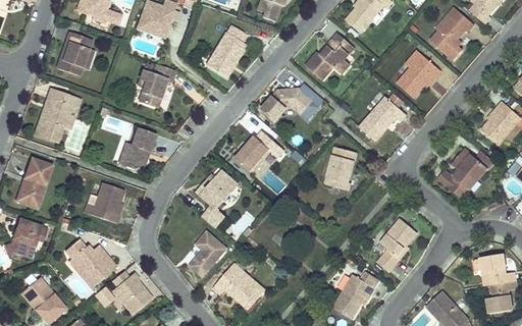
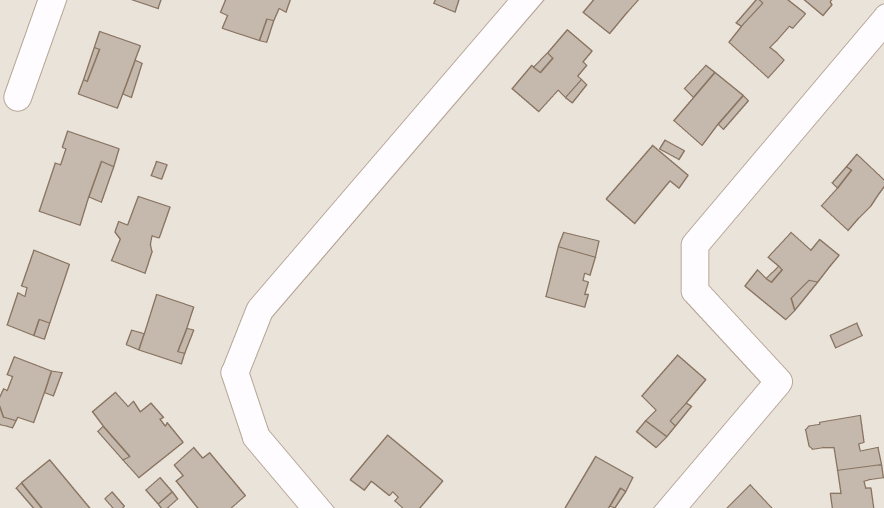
building: [206,24,247,76] -> none
building: [138,63,176,106] -> none
building: [261,83,324,121] -> none
building: [122,127,156,171] -> [111,197,170,273]
building: [234,129,283,169] -> none
building: [196,169,238,227] -> none
building: [190,231,227,277] -> none

